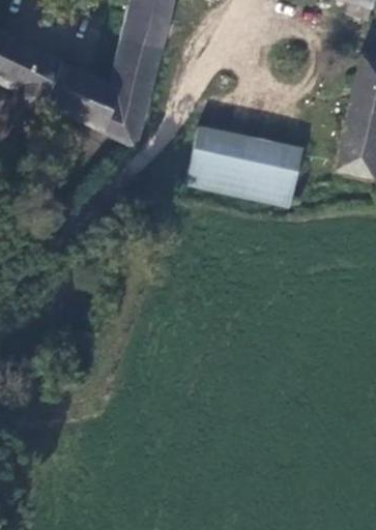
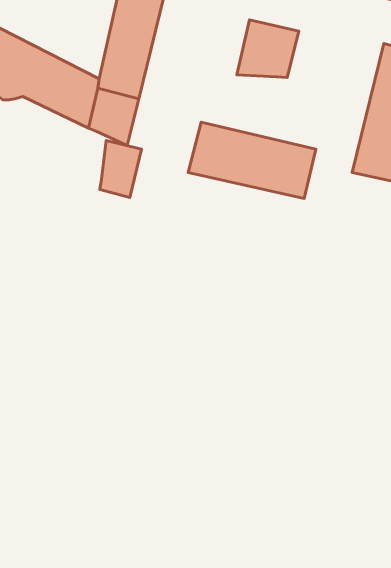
building: none -> [237,20,299,78]
building: none -> [100,140,142,198]

